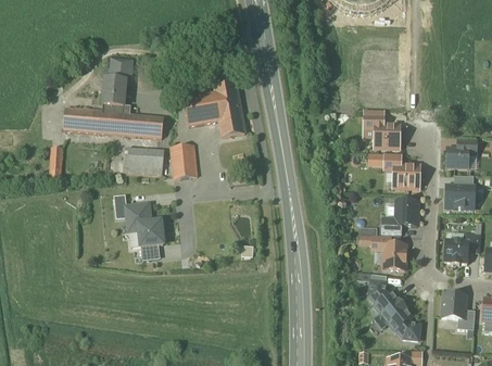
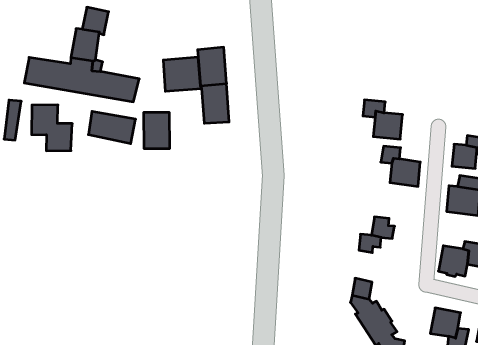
building: [395,201,417,225] -> none
building: [125,203,163,244] -> [32,105,72,151]
building: [383,244,405,269] -> none

